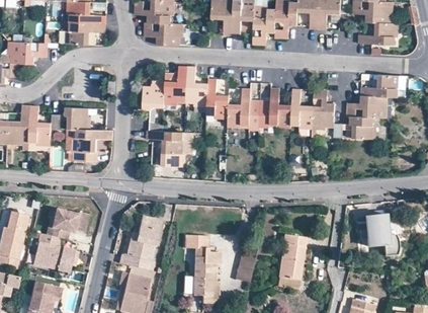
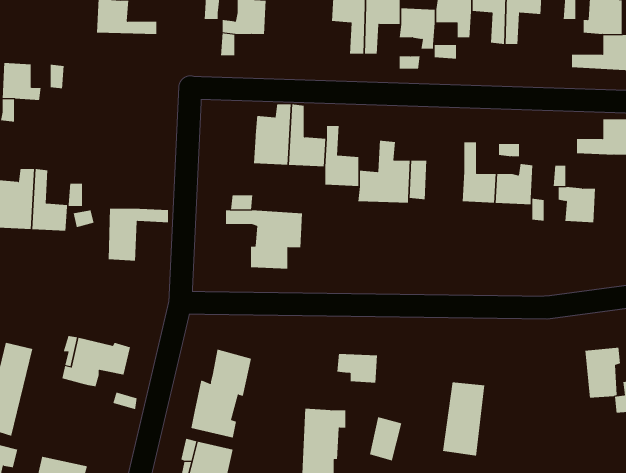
building: [67,22,105,45] -> none
building: [157,23,178,46] -> none
building: [142,85,165,110] -> none
building: [269,87,292,126] -> none
building: [361,96,384,118] -> none
building: [64,107,90,130] -> none
building: [33,233,75,272] -> none
building: [187,235,212,253] -> [336,353,378,383]

